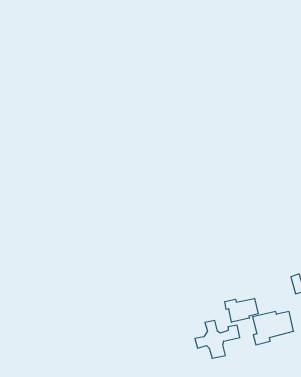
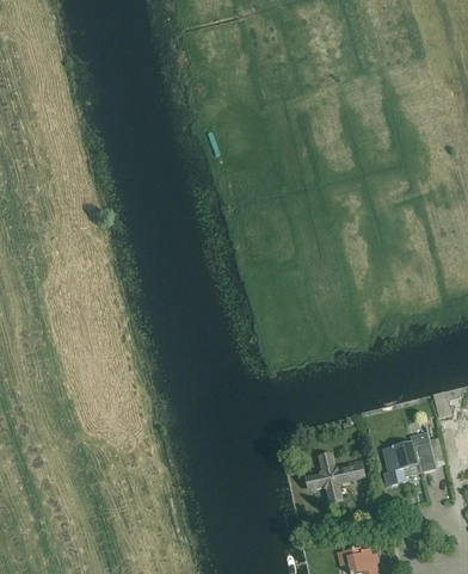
building: [225,298,258,322] -> none

